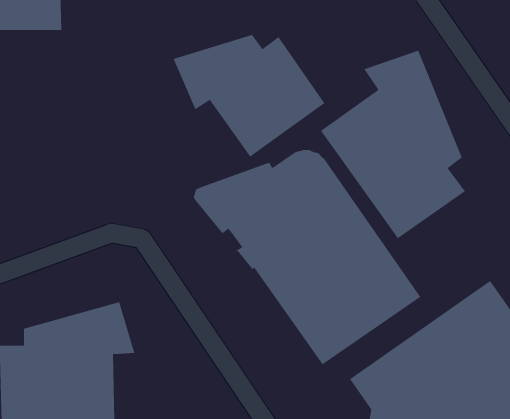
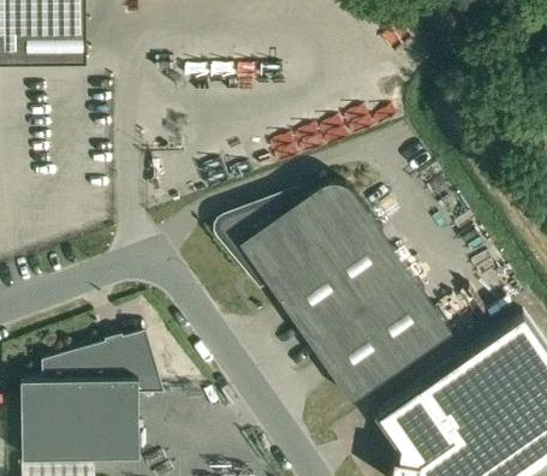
building: [173,34,325,157] -> none
building: [320,50,466,239] -> none

